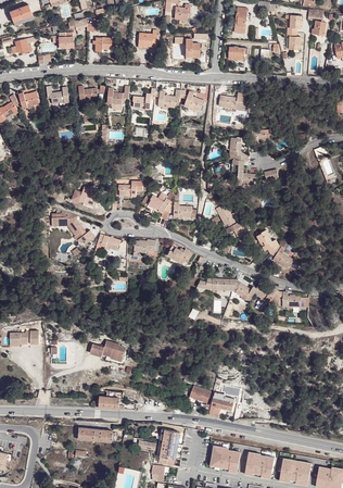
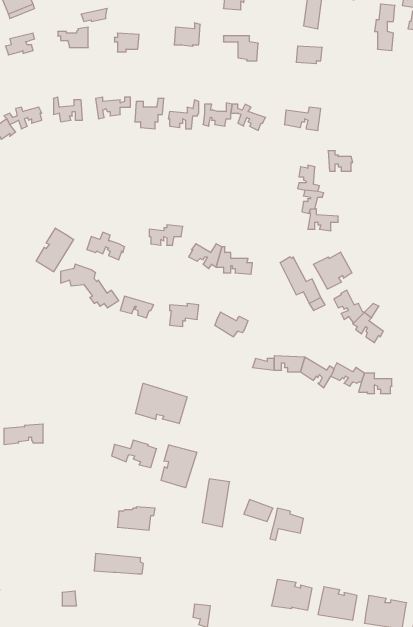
building: none -> [36,228,74,272]
building: none -> [313,252,352,289]
building: none -> [135,383,187,424]
building: none -> [161,445,197,488]
building: [158,429,179,465] -> [202,479,230,527]

